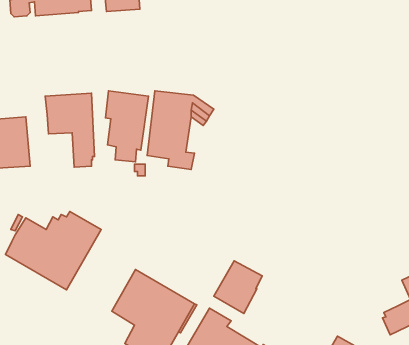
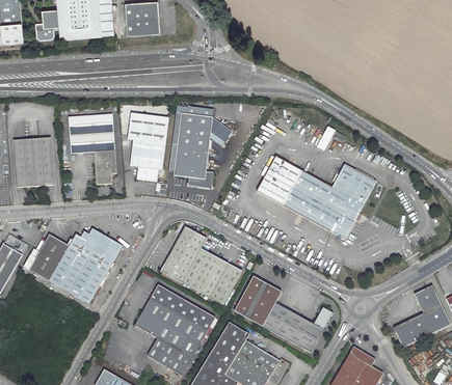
building: none -> [256,155,376,238]
building: none -> [160,226,240,304]
building: none -> [261,303,331,353]

